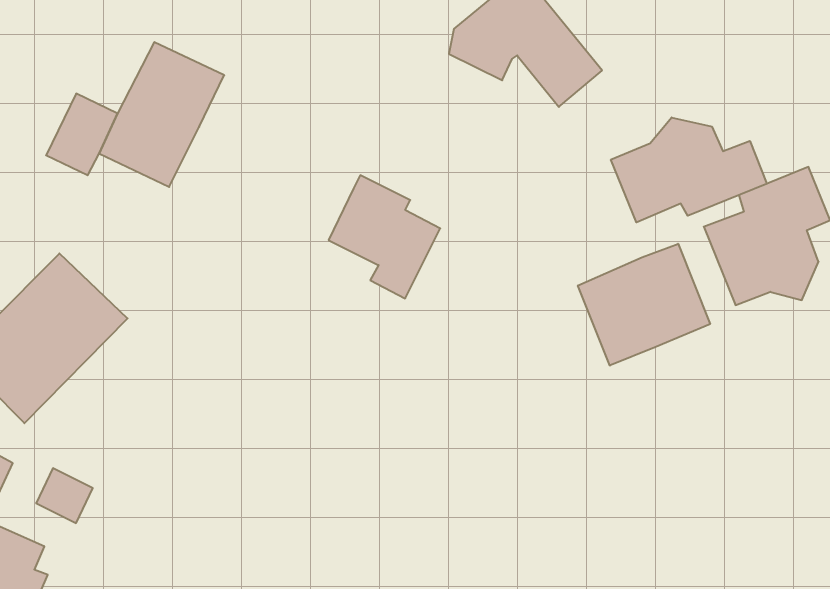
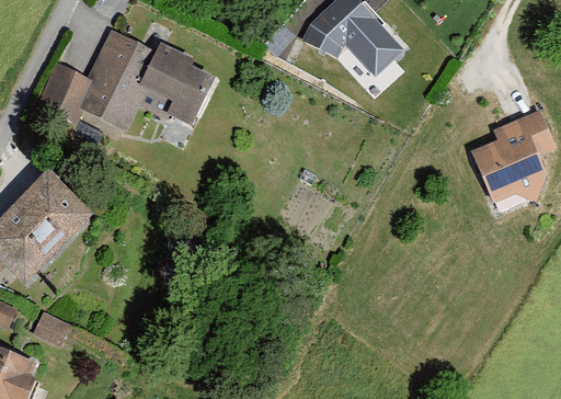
building: [611,117,767,222] -> none
building: [329,175,440,298] -> [139,44,213,125]
building: [578,244,710,366] -> none

